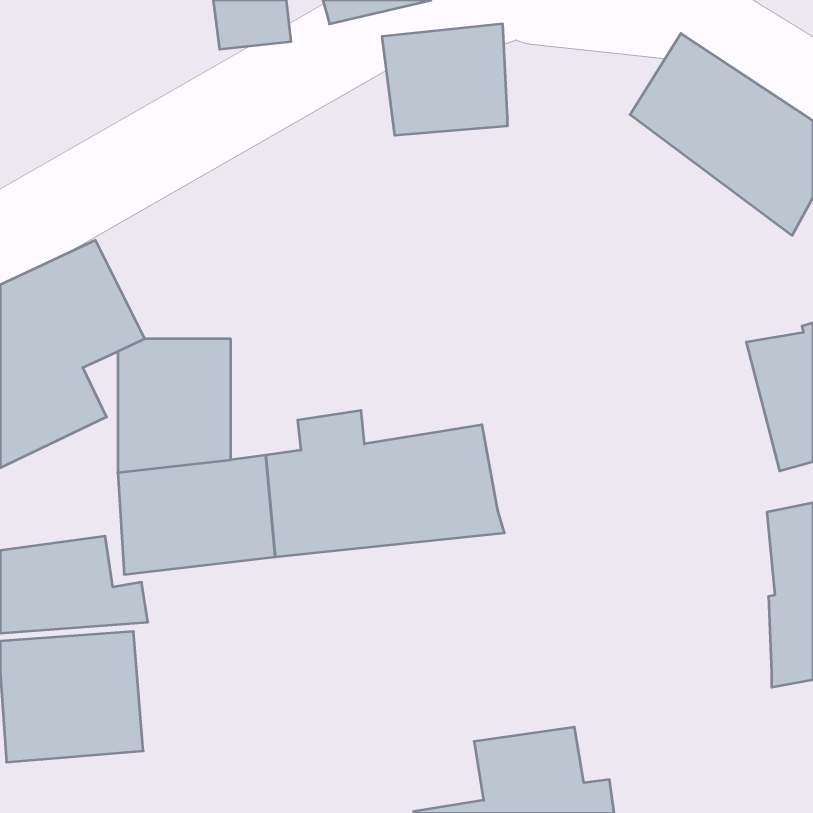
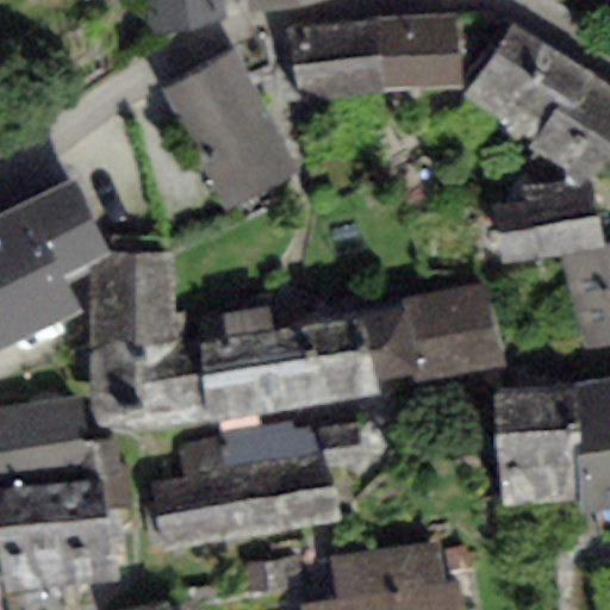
building: none -> [376,14,459,88]
building: none -> [173,54,293,192]
building: none -> [490,191,602,266]
building: none -> [361,282,504,385]
building: none -> [492,384,580,510]
building: none -> [155,421,350,542]

